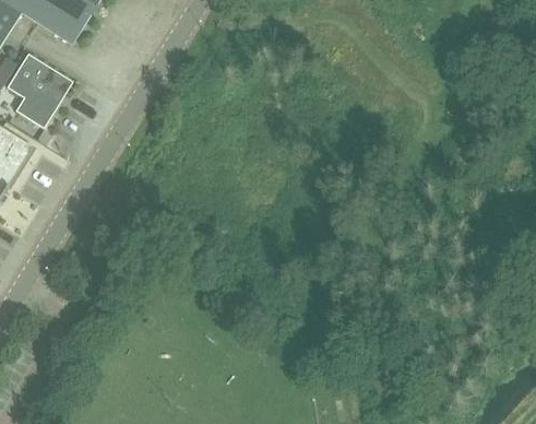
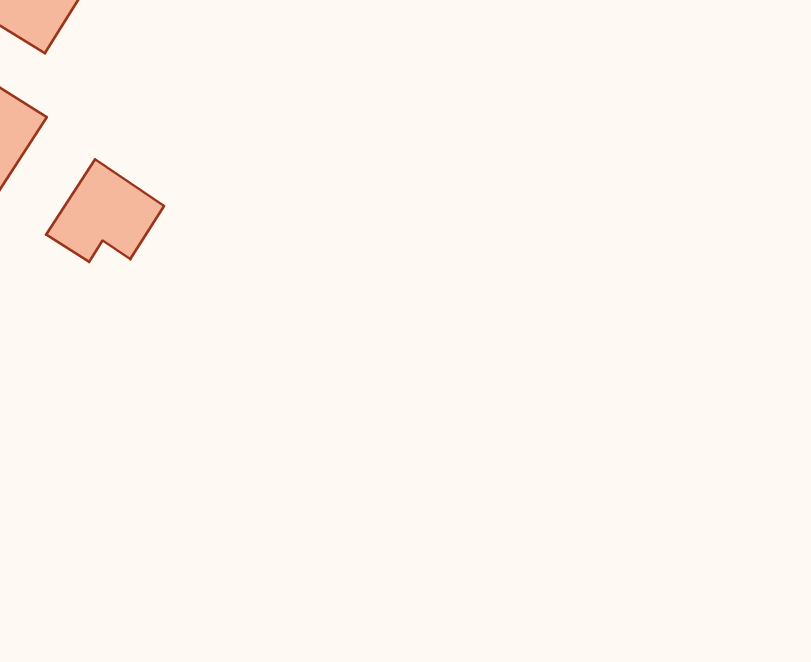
building: none -> [46,159,164,262]

